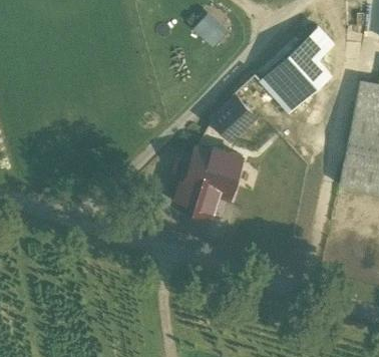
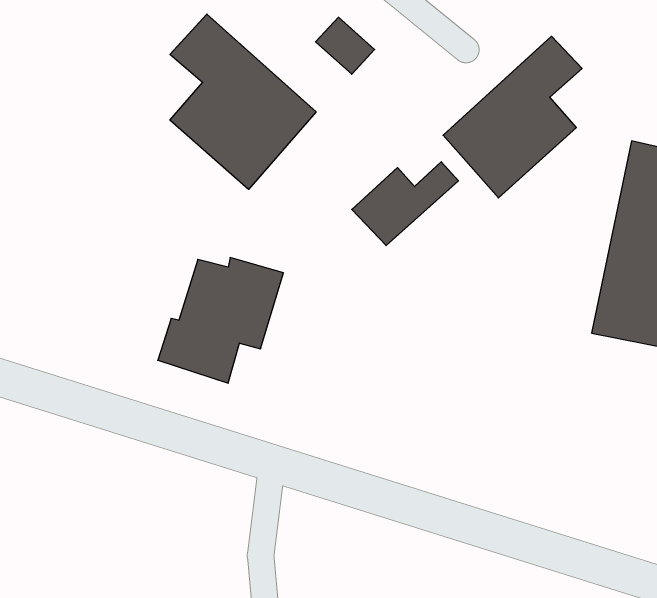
building: none -> [170,14,316,189]
building: [174,147,241,214] -> [158,258,283,383]

